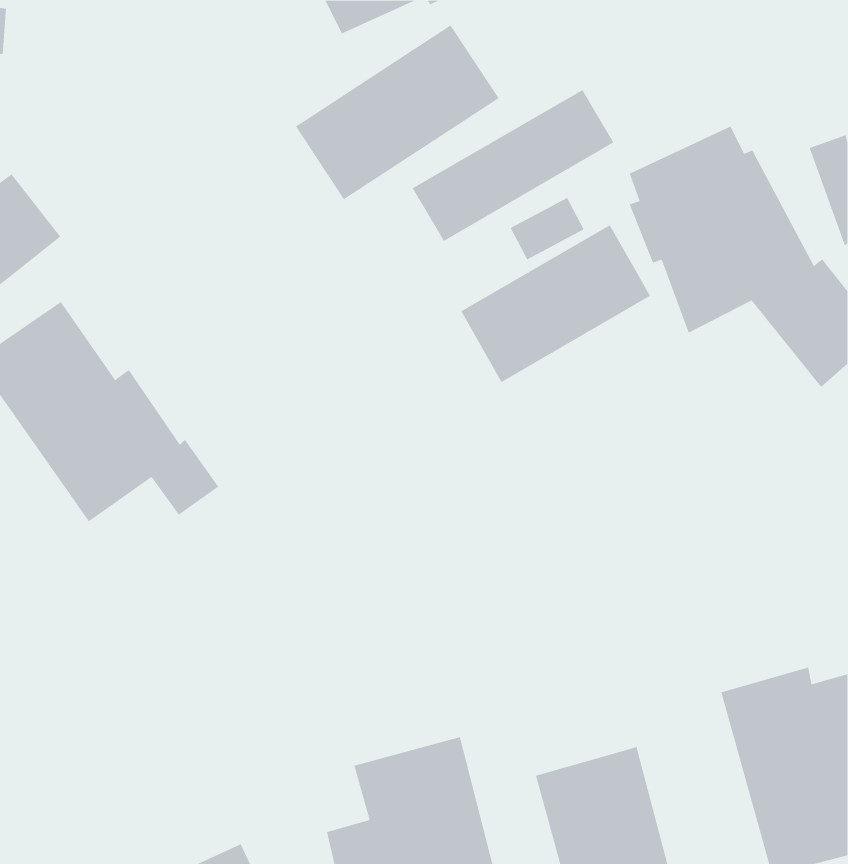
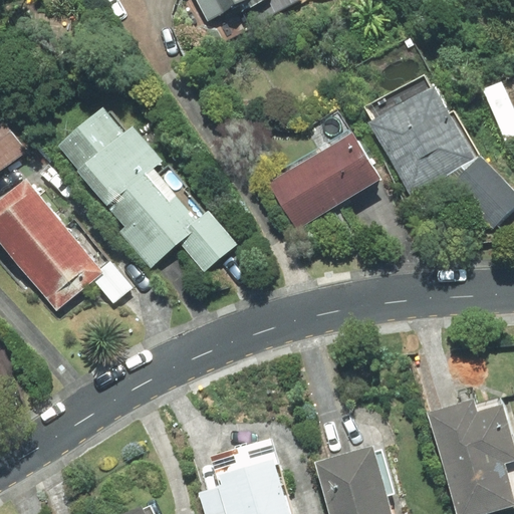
building: [295,25,499,200] -> none
building: [412,89,614,242] -> none
building: none -> [61,111,234,276]

